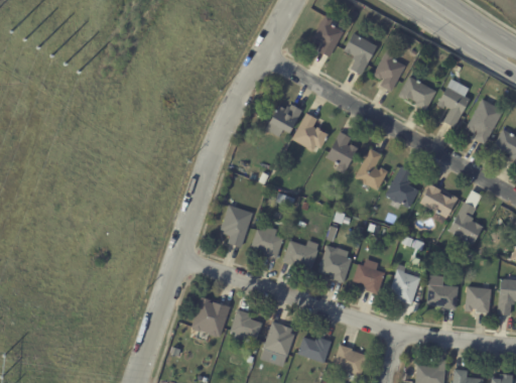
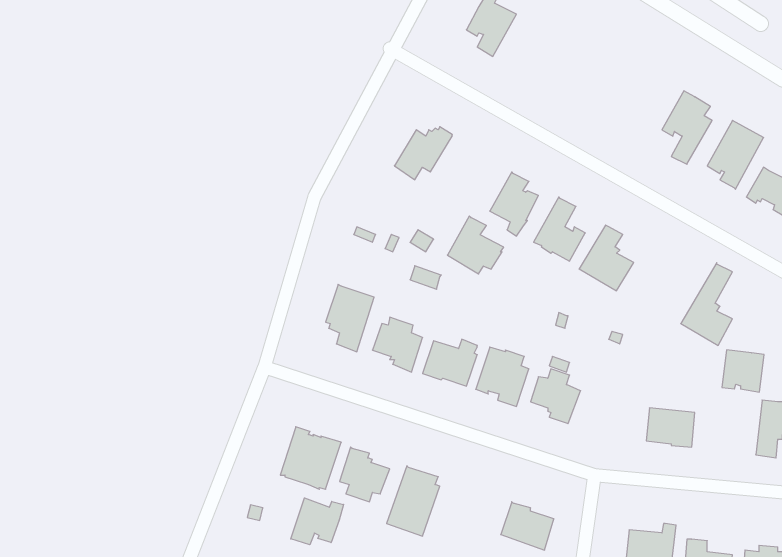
building: [344,32,377,74] -> none
building: [373,48,404,90] -> none
building: [398,75,436,109] -> none
building: [292,113,329,150] -> [447,216,504,274]
building: [419,182,458,216] -> none
building: [391,263,421,303] -> none
building: [465,285,492,312] -> [722,350,764,392]
building: [297,337,332,363] -> none
building: none -> [291,498,344,545]

